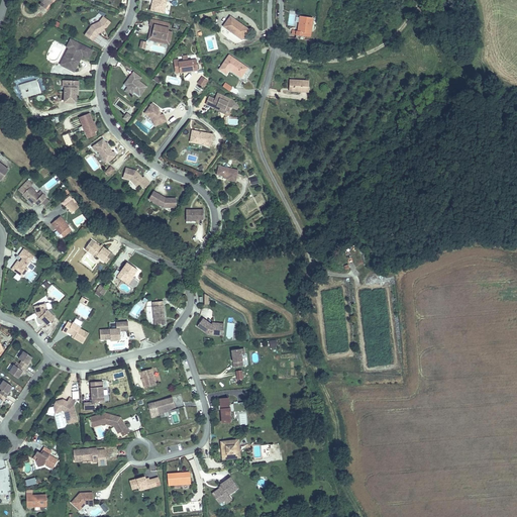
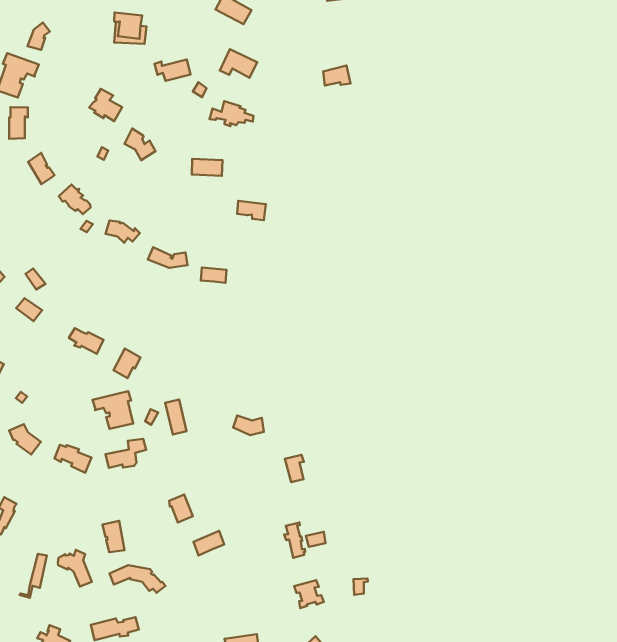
building: none -> [93,391,133,429]

